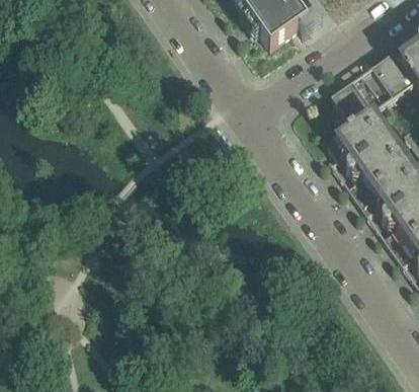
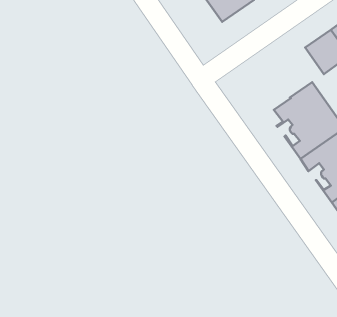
building: [336,68,389,121] -> none

